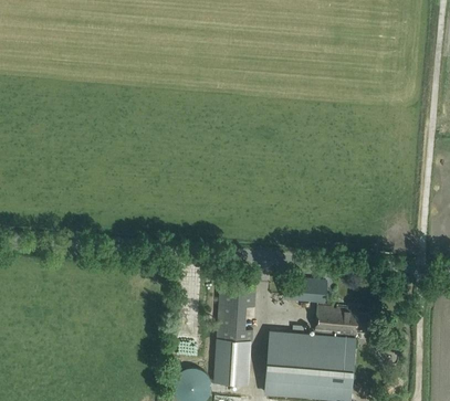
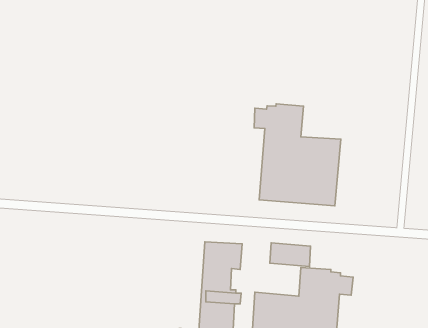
building: none -> [254,104,341,206]

